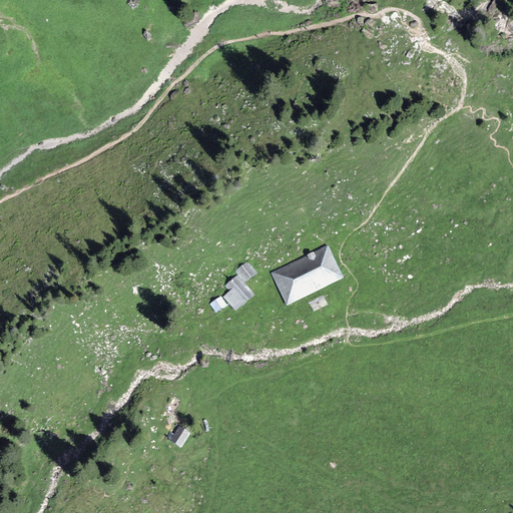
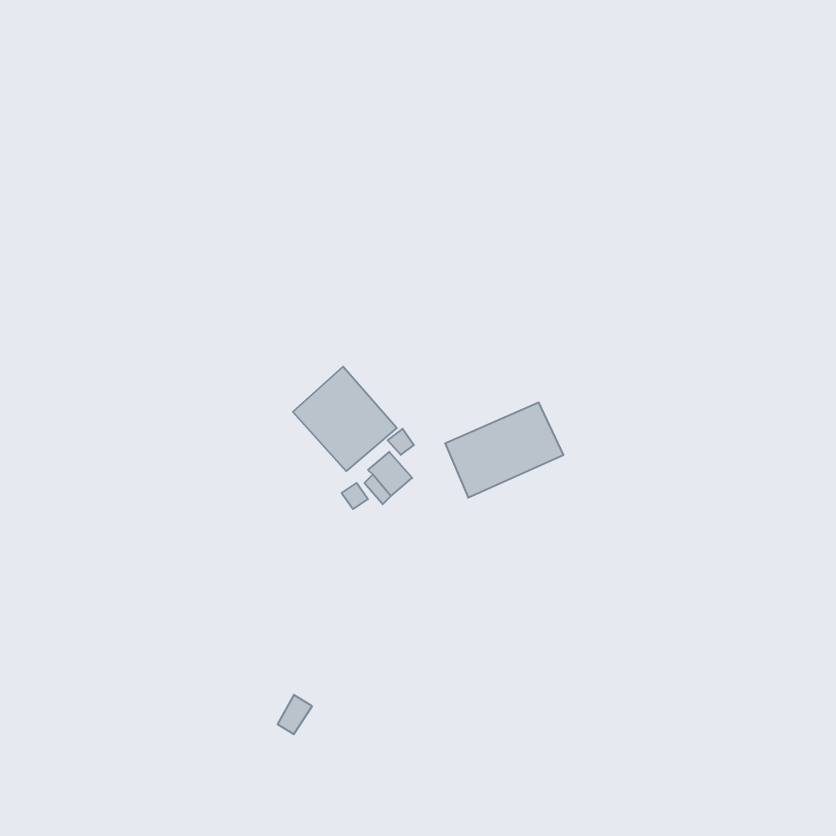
building: none -> [293,367,397,471]

